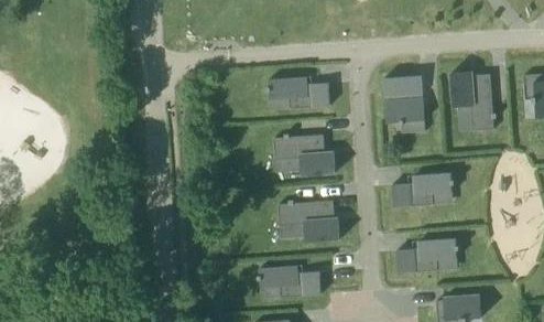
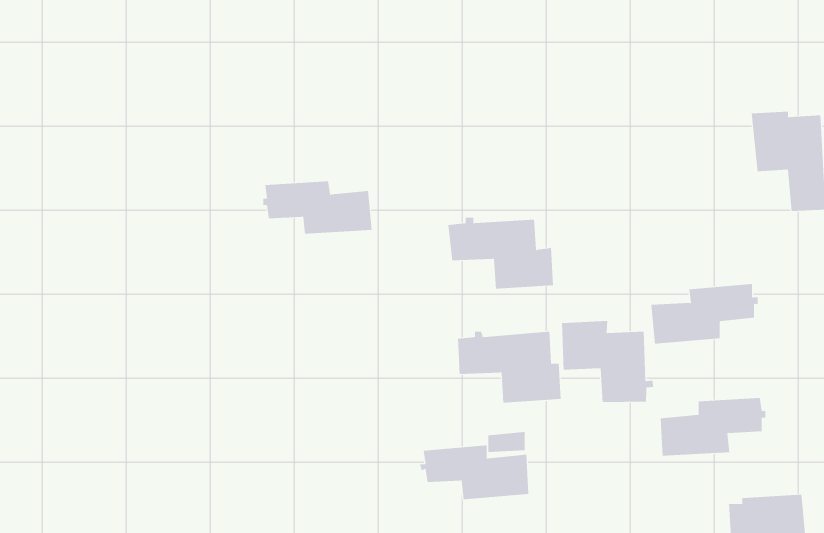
building: [382,75,423,124] -> none
building: [266,77,330,108] -> [263,181,373,234]
building: none -> [562,320,654,403]

